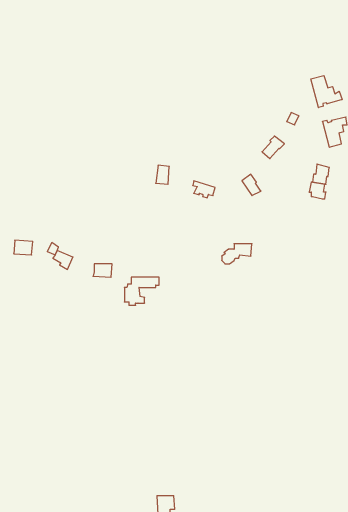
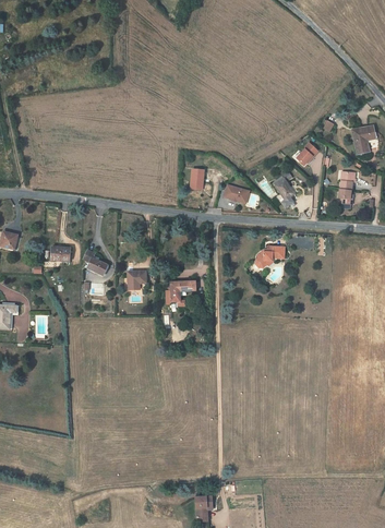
building: [311,76,342,108] -> none

